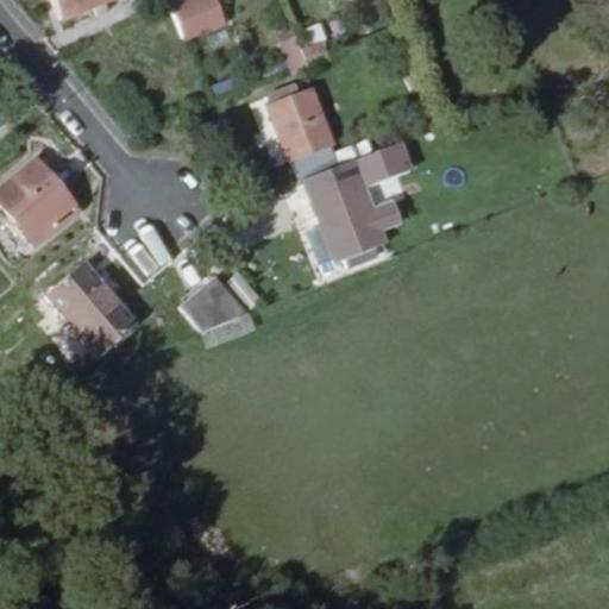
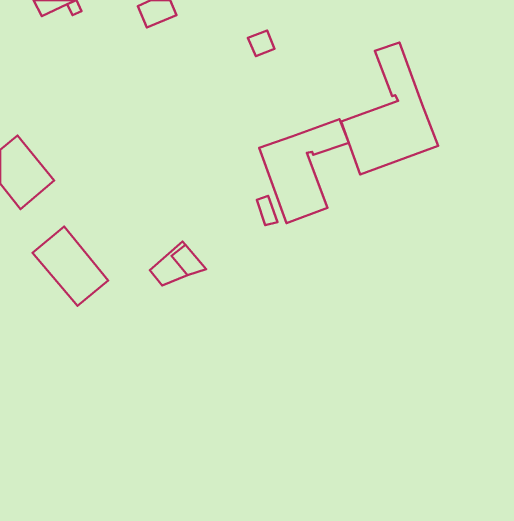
building: none -> [341,43,438,174]
building: [278,86,349,175] -> none

